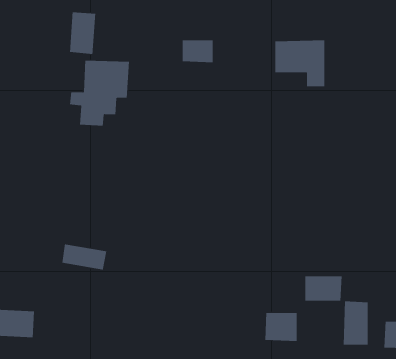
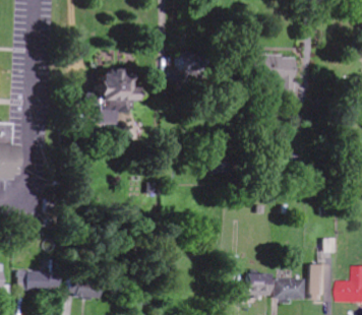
building: [69,11,96,55] -> none
building: [62,244,107,270] -> [65,277,102,299]
building: [304,276,342,301] -> [274,277,304,298]

